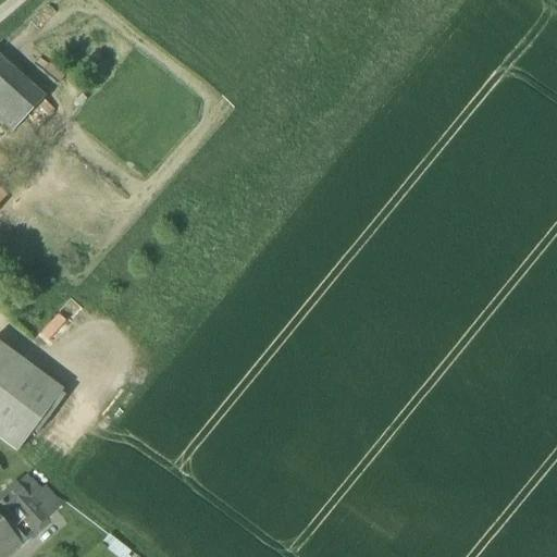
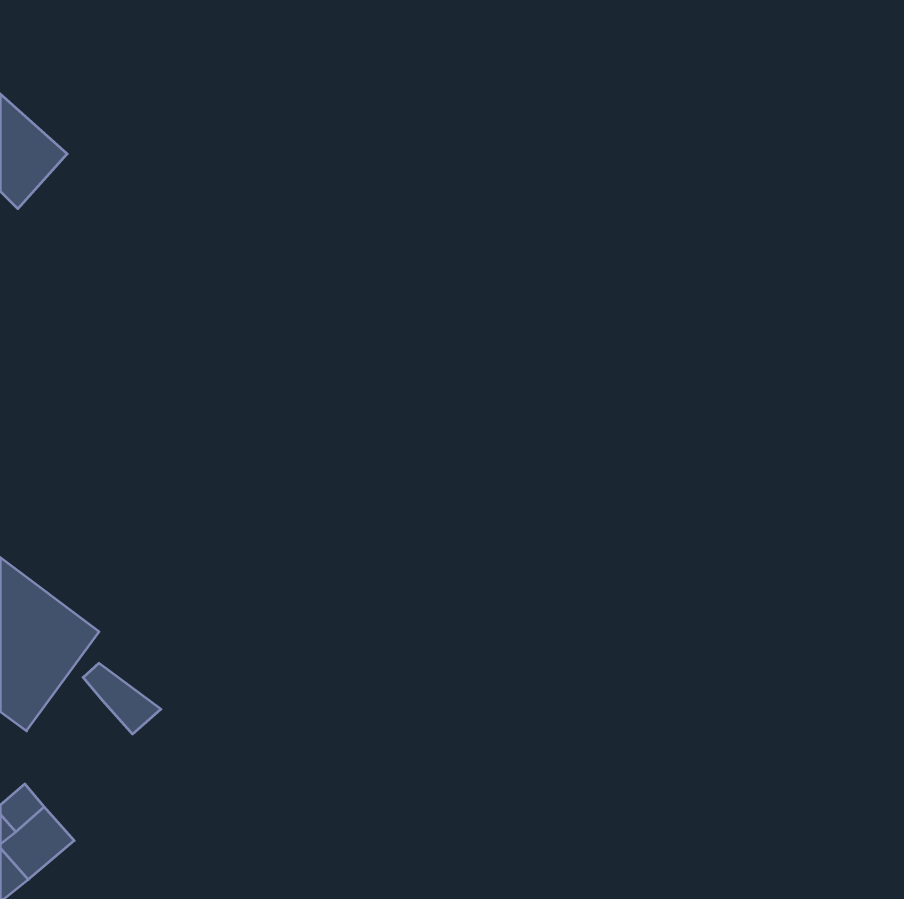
building: [15,473,63,517] -> [83,663,161,734]

